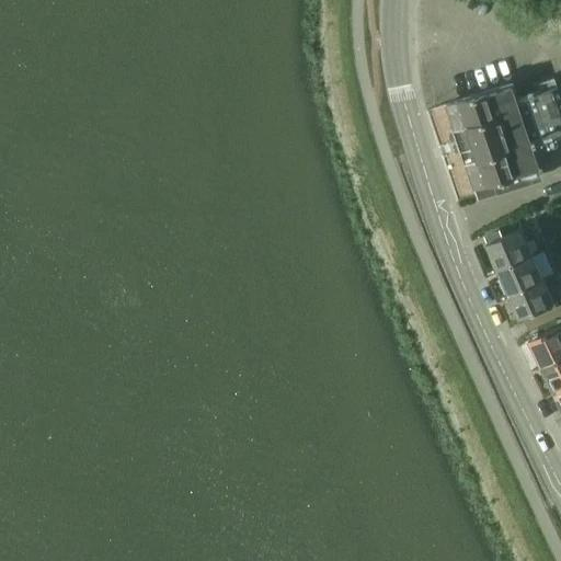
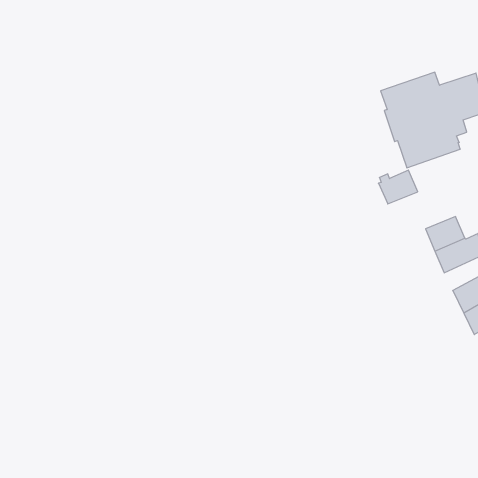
building: [488,229,534,268] -> [378,170,418,204]

